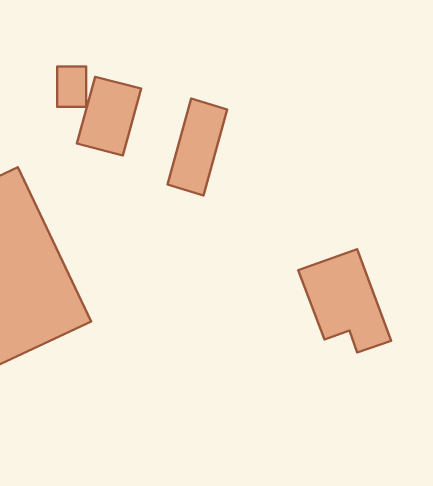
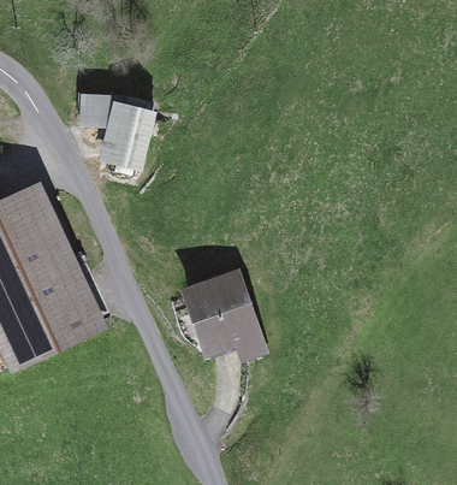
building: [168,99,227,195] -> none
building: [298,249,391,353] -> [186,268,272,363]

